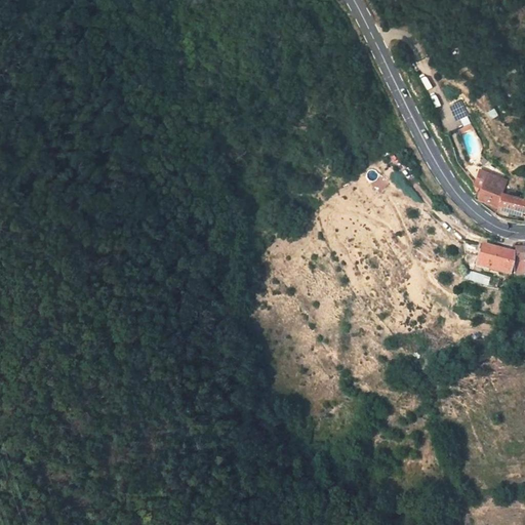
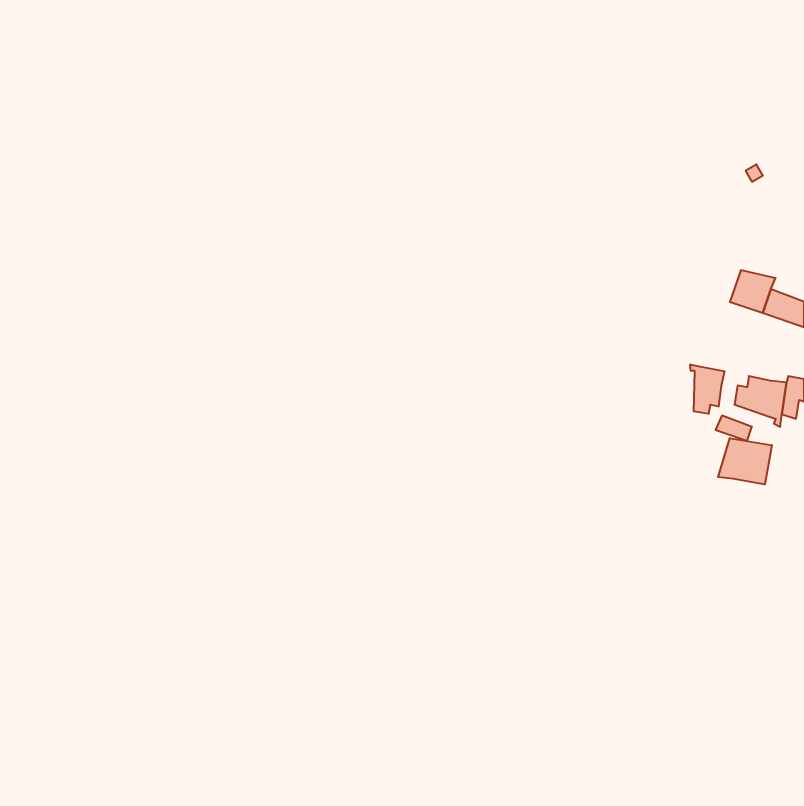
building: none -> [690,364,725,414]
building: none -> [718,438,772,484]

